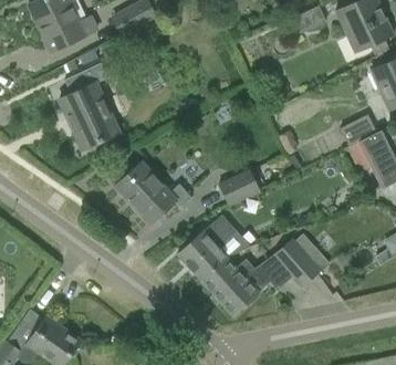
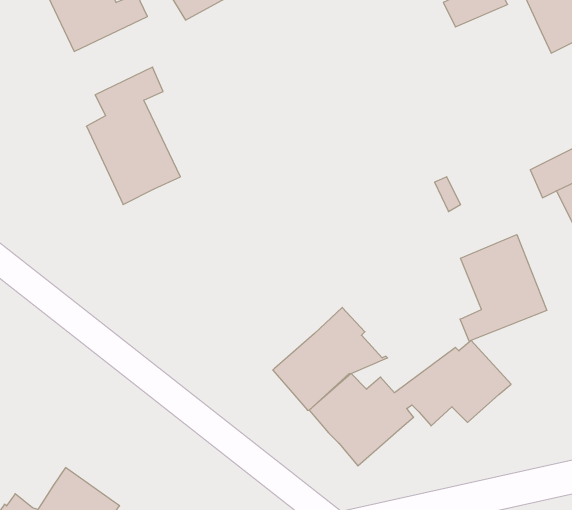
building: [115,161,192,225] -> none
building: none -> [460,235,547,341]
building: [218,169,259,205] -> none

